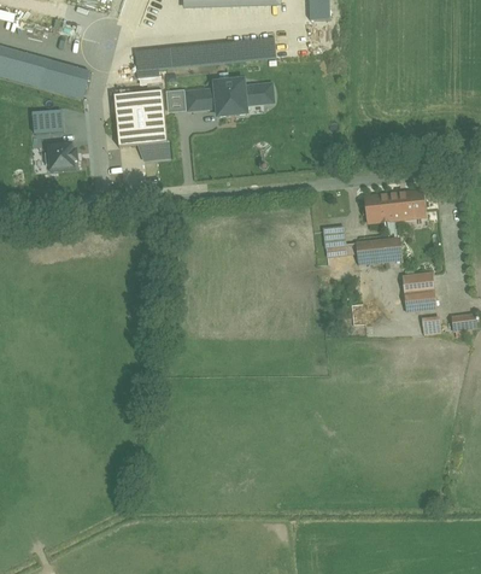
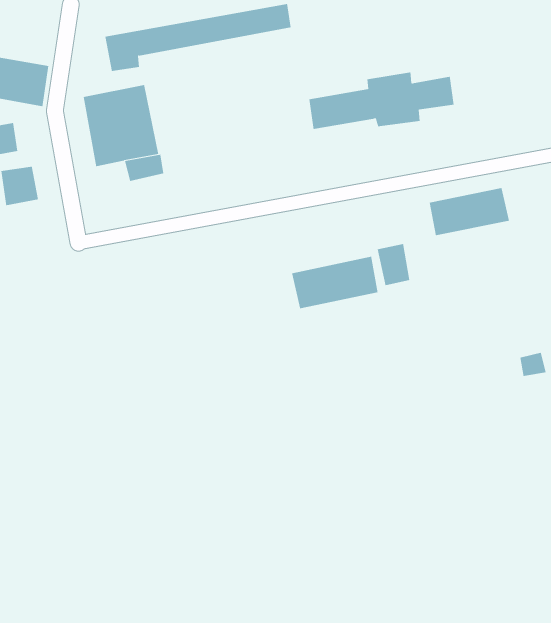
building: [165,77,274,116] -> [308,72,455,129]
building: none -> [292,256,378,309]
building: [354,236,399,263] -> none
building: [400,266,435,310] -> none

